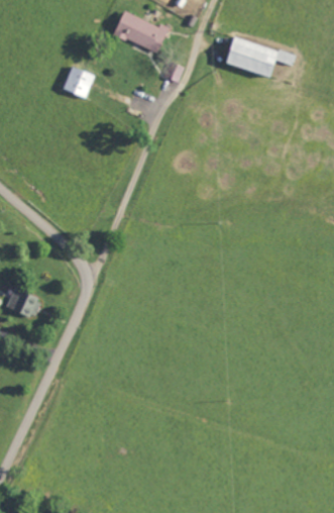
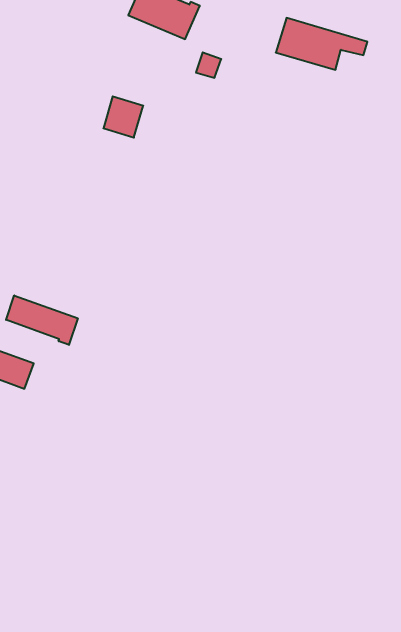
building: [64,67,94,98] -> [103,96,143,138]
building: none -> [6,295,78,345]

